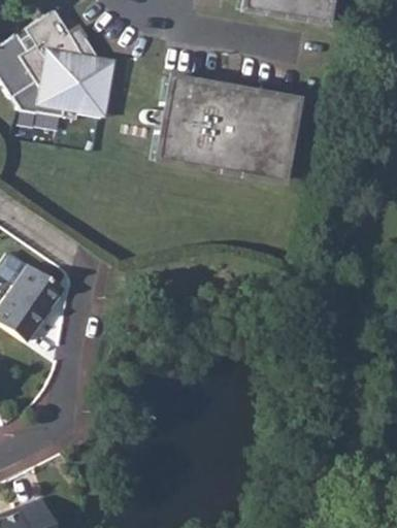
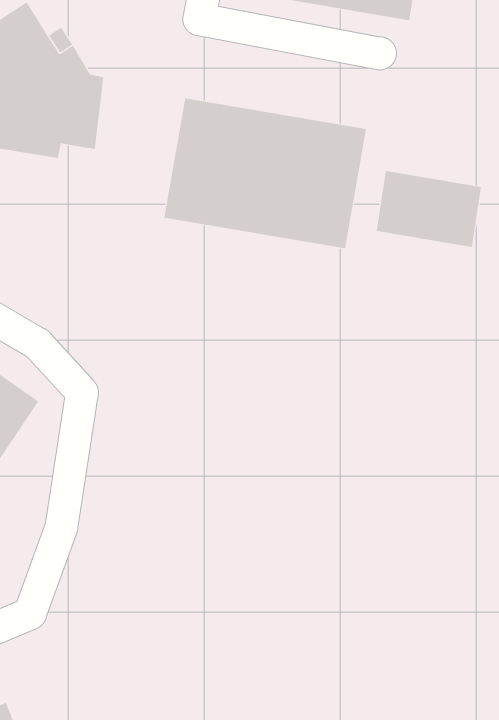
building: none -> [376,170,481,248]

